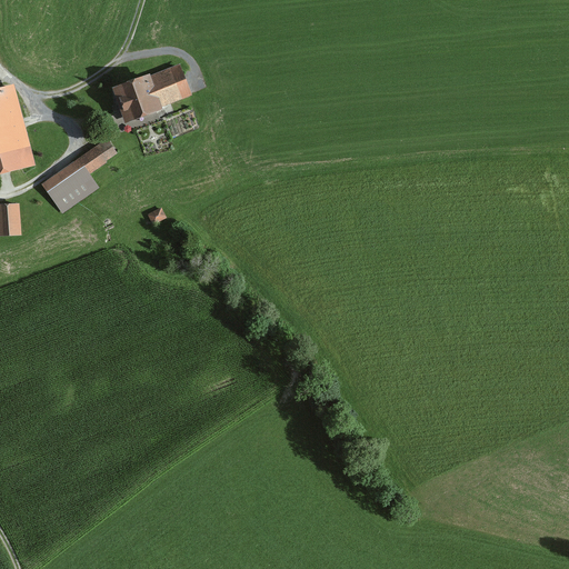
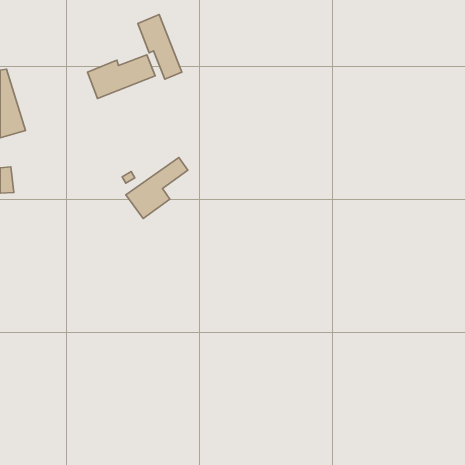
building: none -> [138,15,182,79]
building: [42,139,118,213] -> [126,157,188,218]

